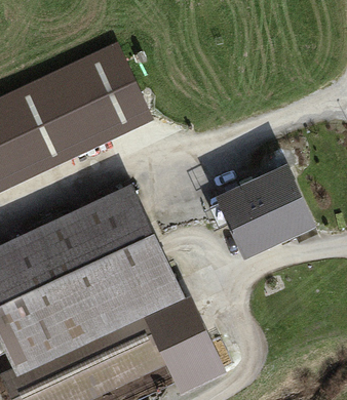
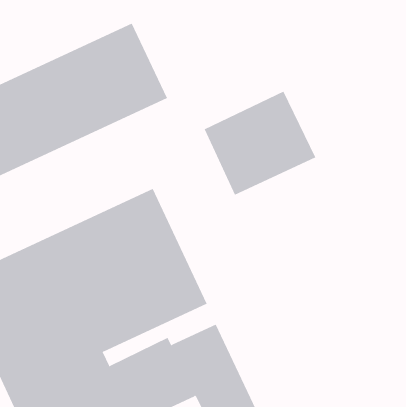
building: [218,165,311,252] -> [204,91,316,196]

